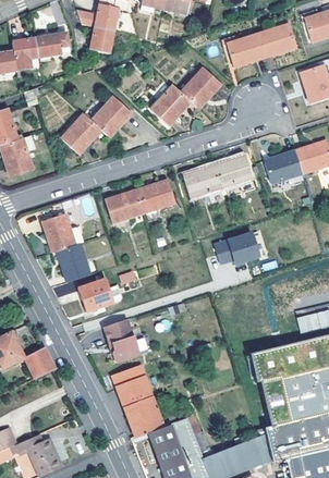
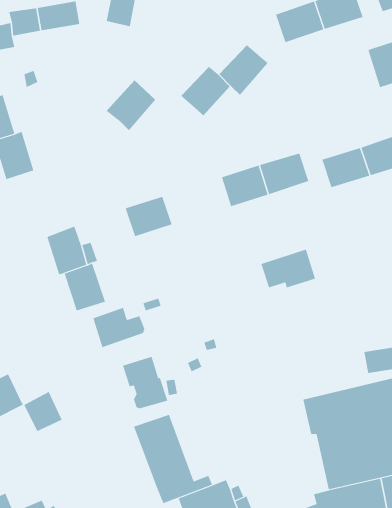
building: [61,114,101,155] -> none
building: [136,180,175,212] -> none

